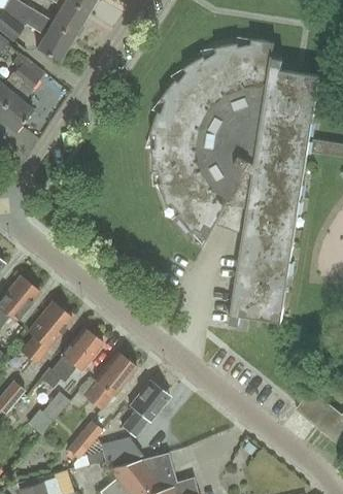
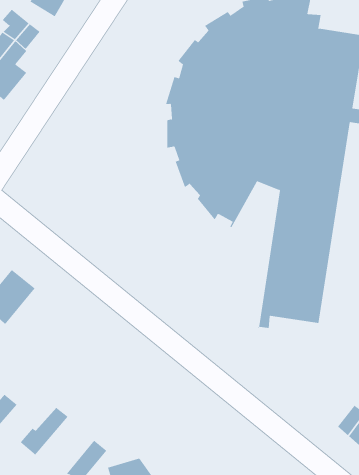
building: [20,302,71,364] -> none
building: [39,329,102,389] -> none
building: [83,353,136,410] -> none
building: [121,382,168,437] -> none

